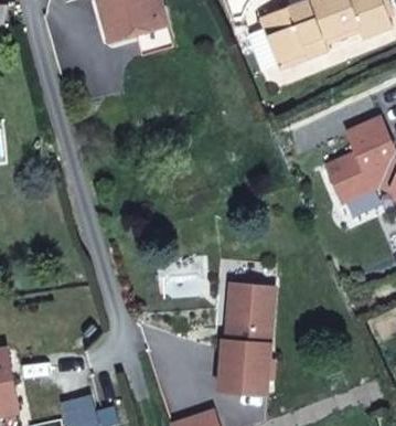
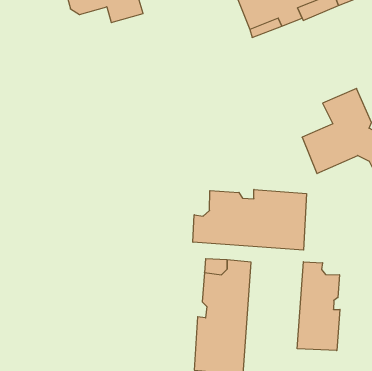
building: none -> [193,189,306,250]
building: none -> [297,262,340,351]

